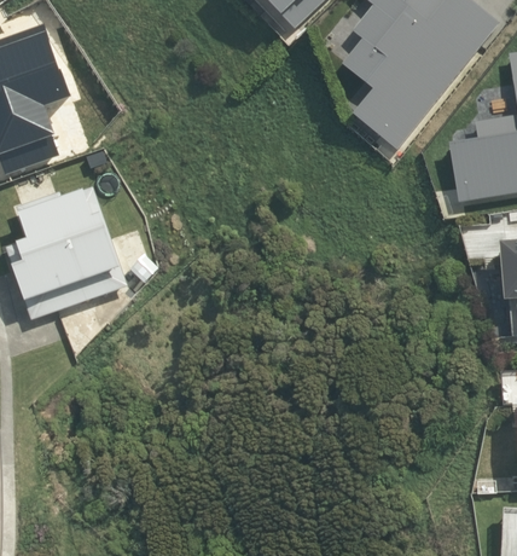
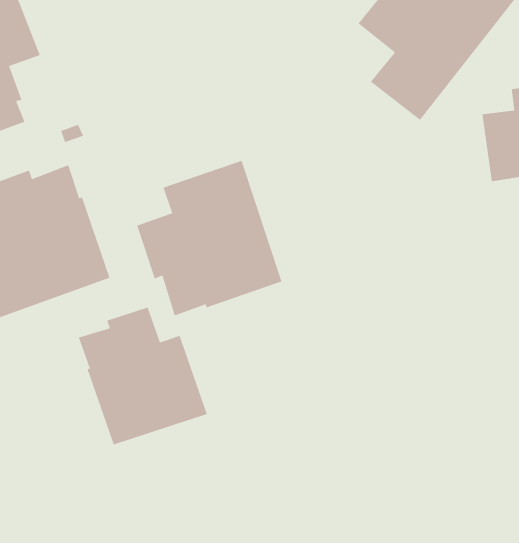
building: none -> [136,160,283,316]
building: none -> [78,306,208,445]

